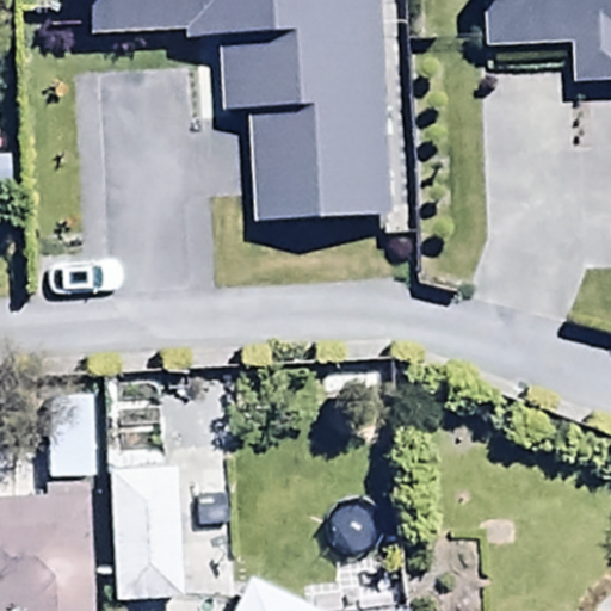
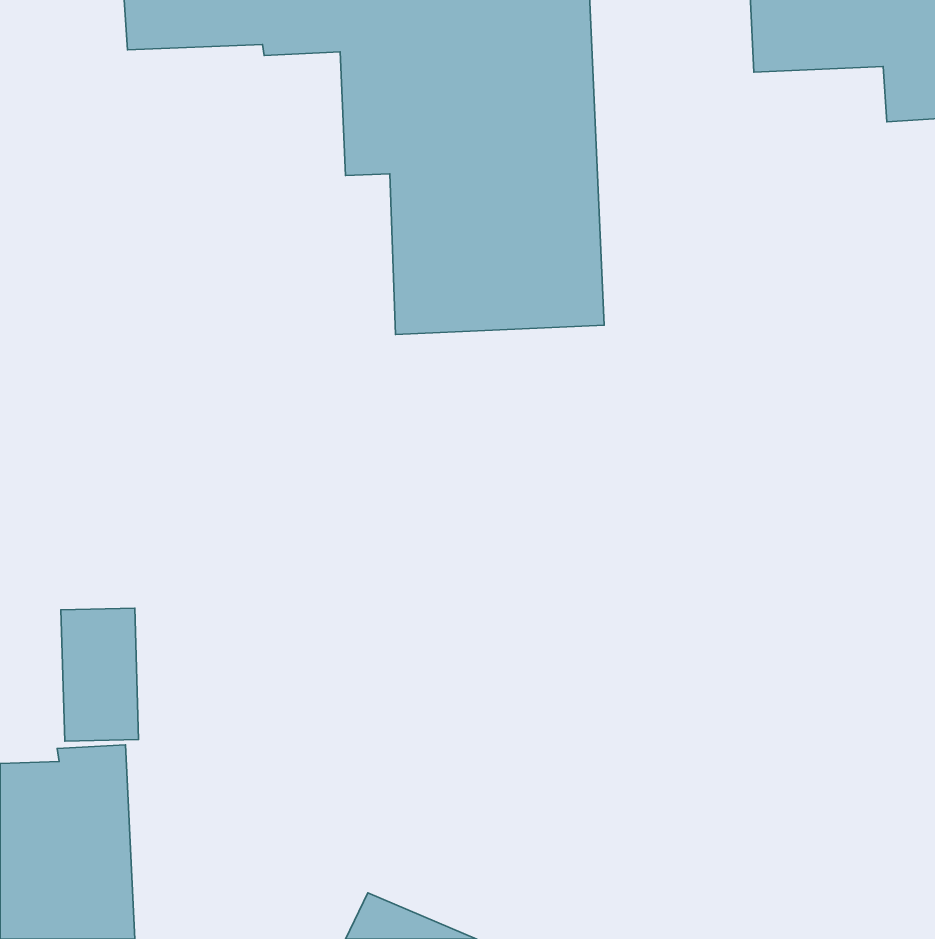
building: [109,463,179,601] -> none

